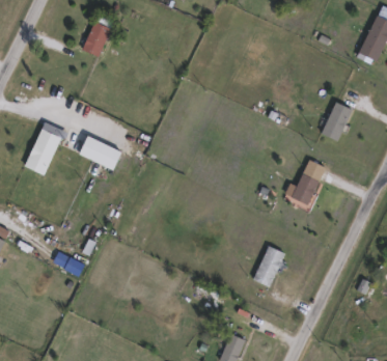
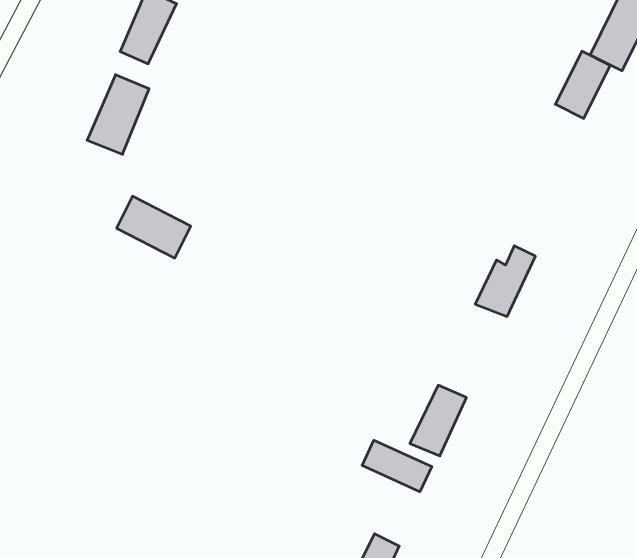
building: [321,102,353,141] -> [555,51,610,118]
building: [25,129,61,175] -> [87,75,149,154]
building: none -> [362,440,432,492]

